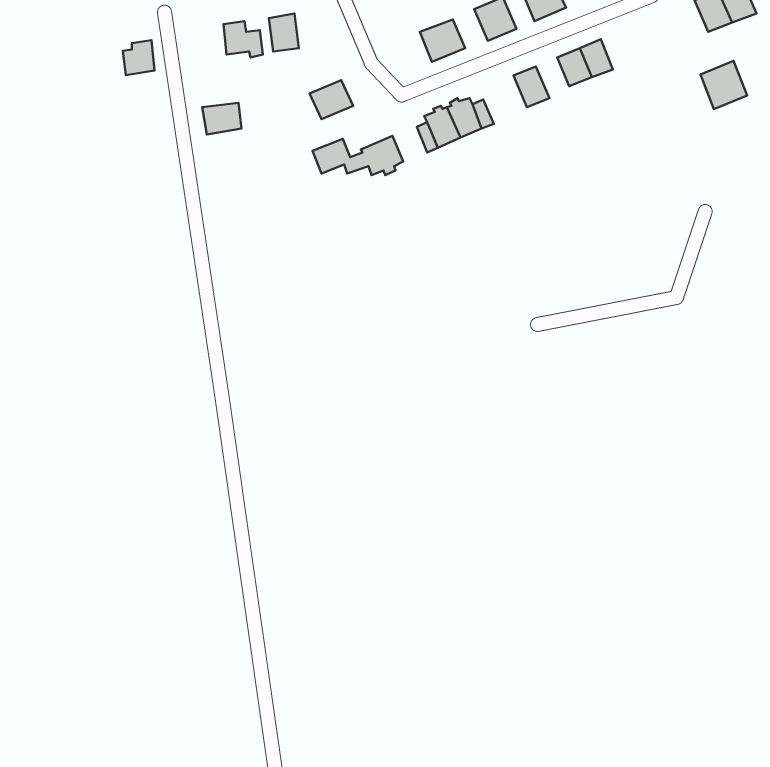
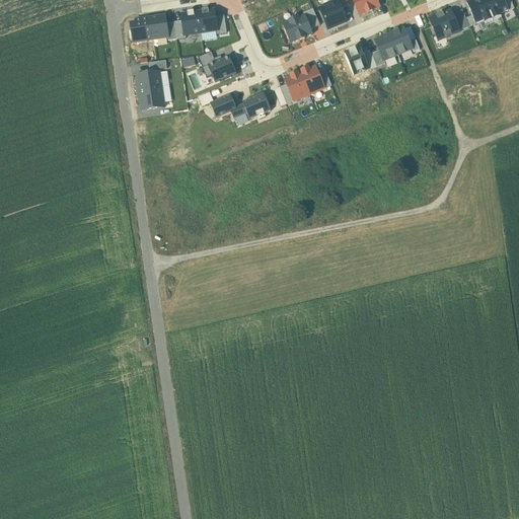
building: none -> [199,7,219,32]
building: [123,40,155,75] -> [132,16,153,40]
building: [700,61,747,109] -> [430,7,461,40]
building: none -> [140,86,166,107]

